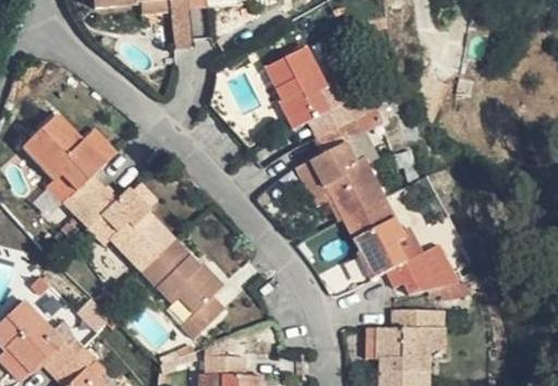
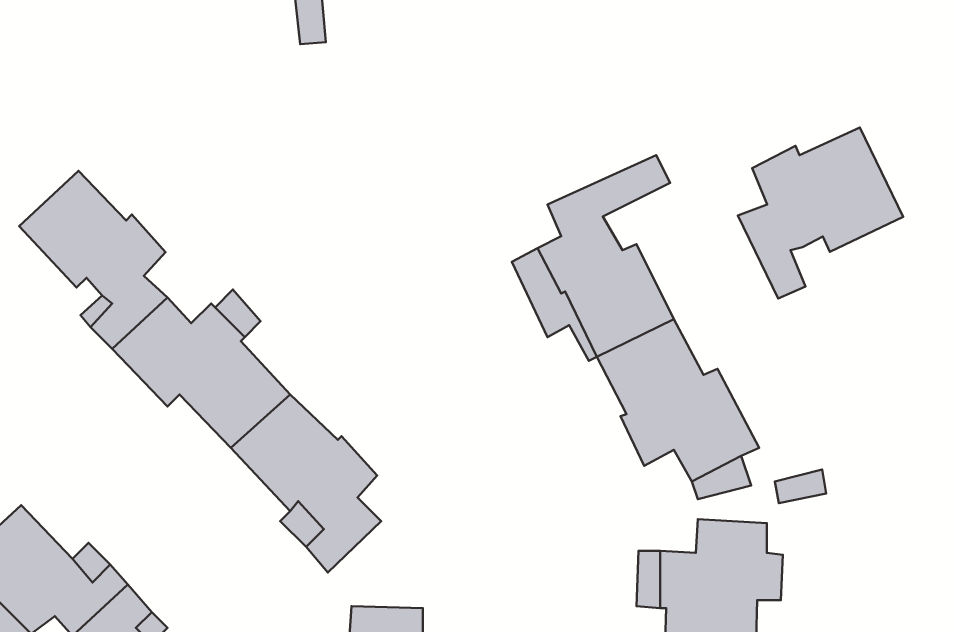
building: [266,47,375,135] -> none
building: none -> [738,128,903,298]

